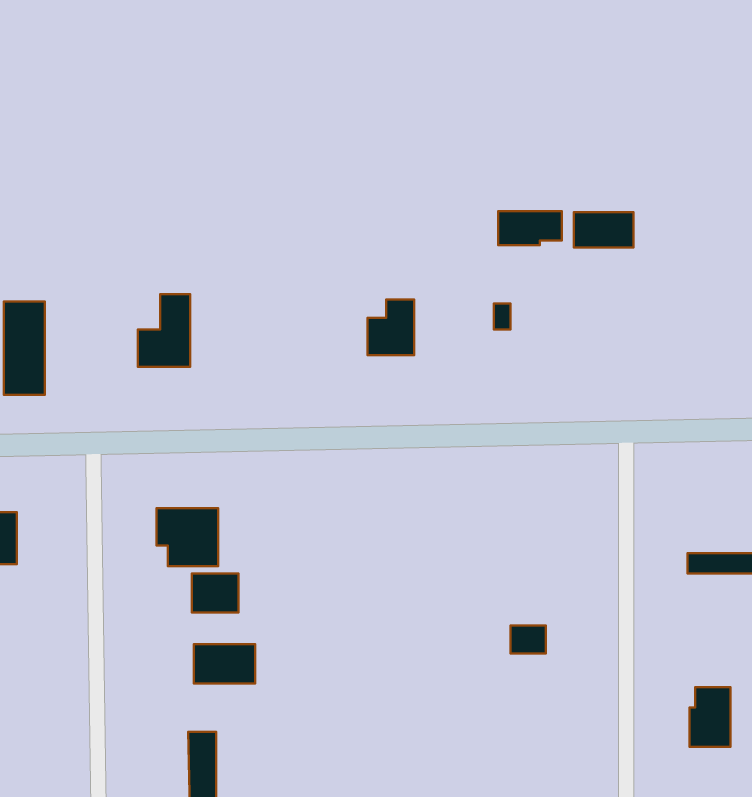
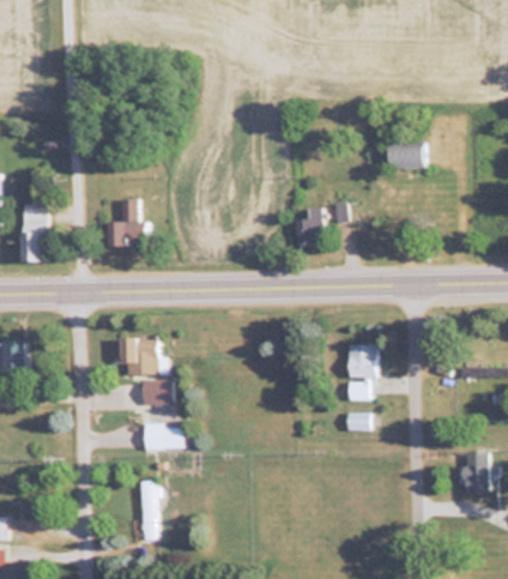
building: [498,211,562,245] -> none
building: [368,299,414,355] -> [296,209,326,245]
building: none -> [349,345,377,400]

